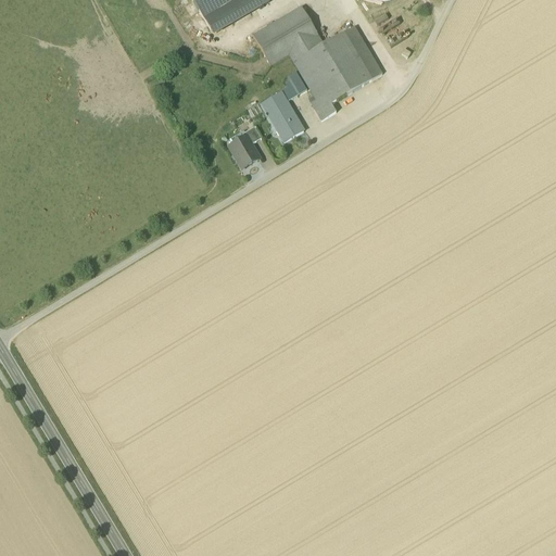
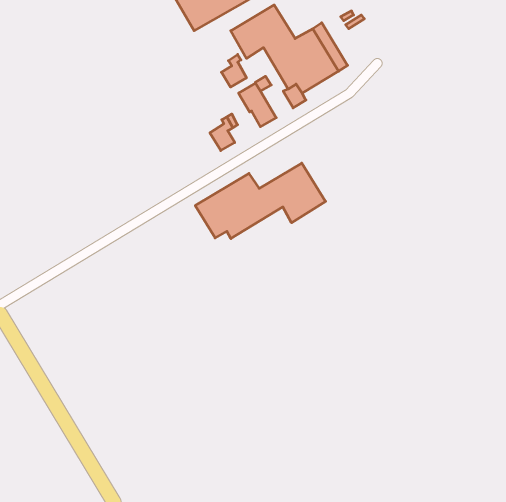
building: none -> [221,54,246,87]
building: none -> [195,163,326,239]

